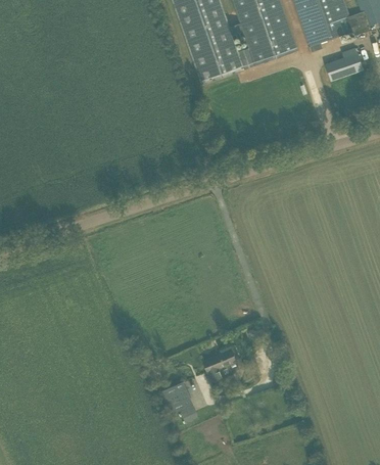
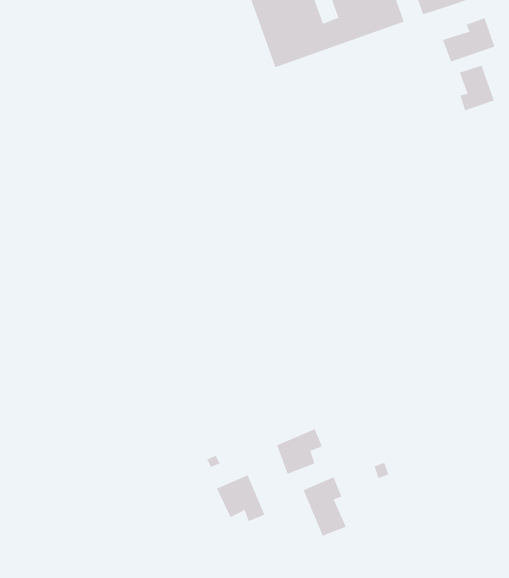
building: none -> [459,65,494,111]
building: none -> [303,476,347,537]

